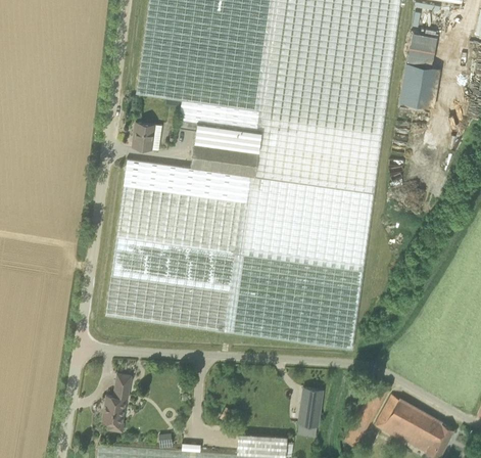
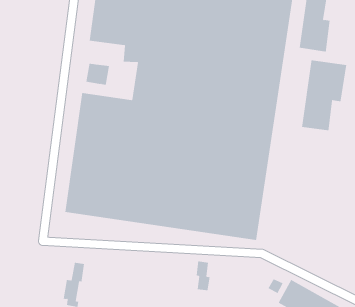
building: none -> [302,60,347,131]
building: [300,388,321,426] -> [194,261,211,291]

